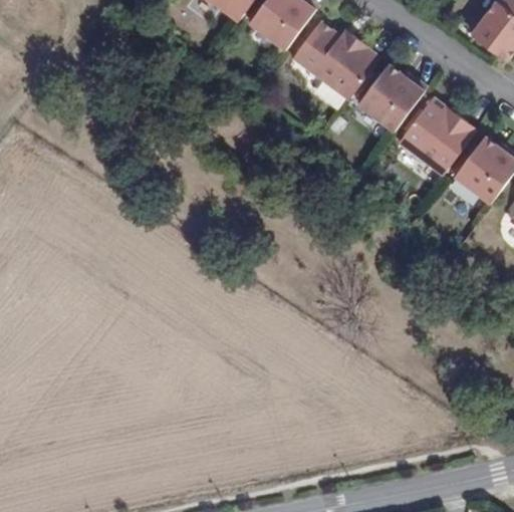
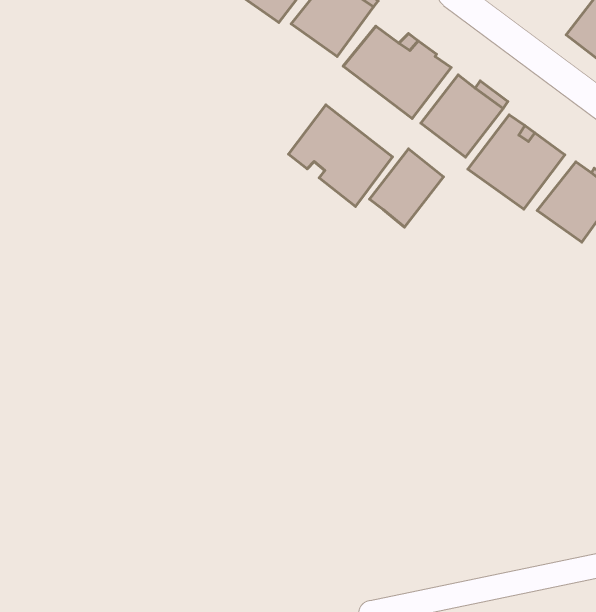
building: none -> [289,105,393,206]
building: none -> [369,149,444,227]

